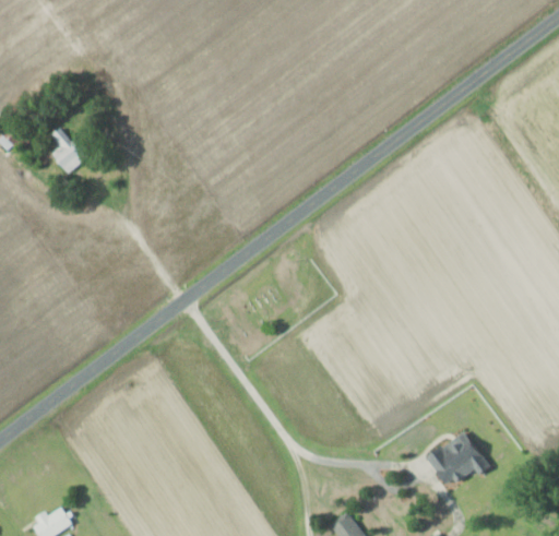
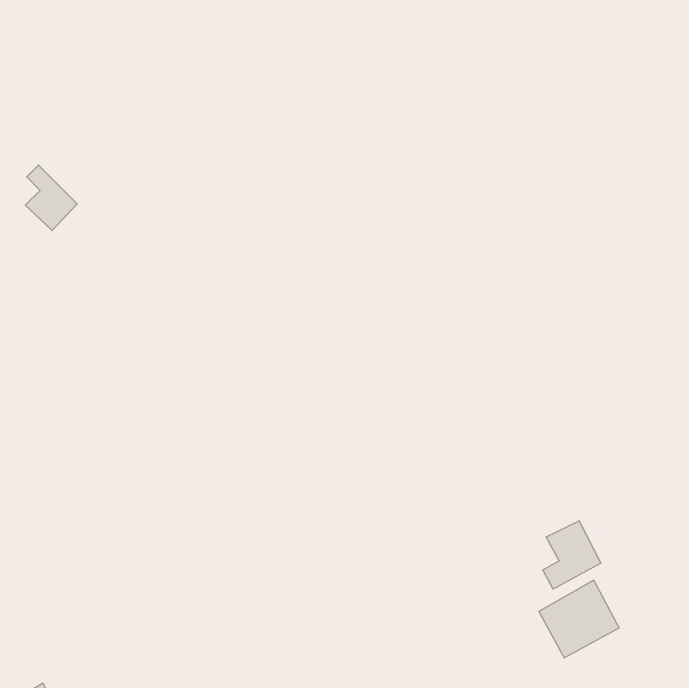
building: none -> [543,521,601,589]

